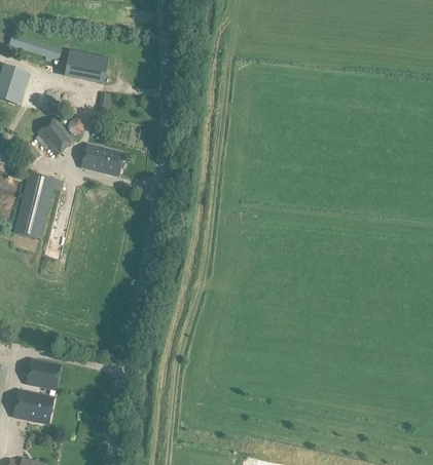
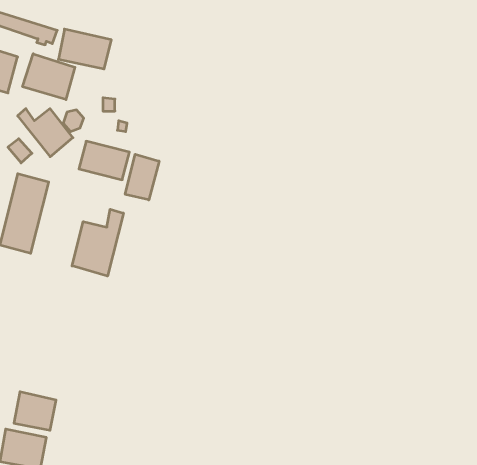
building: none -> [23,54,75,100]
building: none -> [125,154,159,200]
building: none -> [72,209,123,276]

